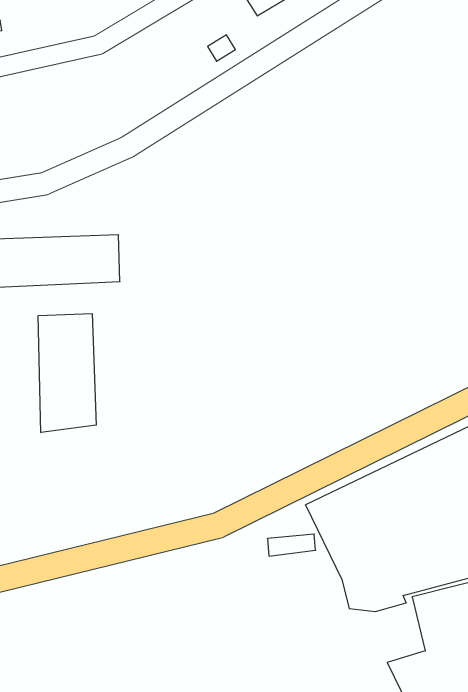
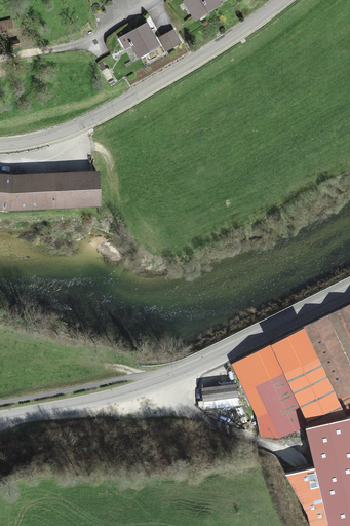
building: none -> [117,24,158,57]
building: [38,314,96,433] -> none

